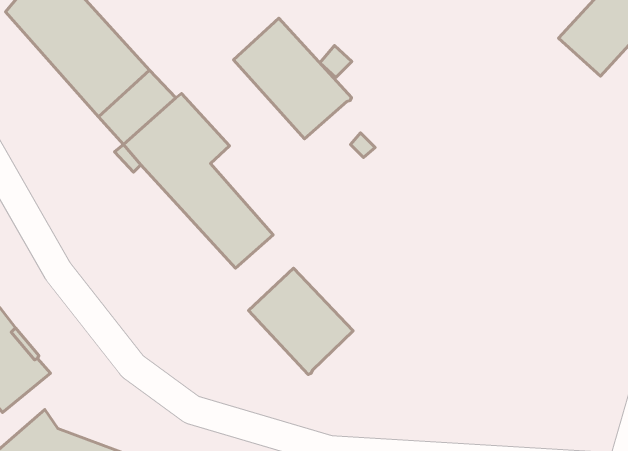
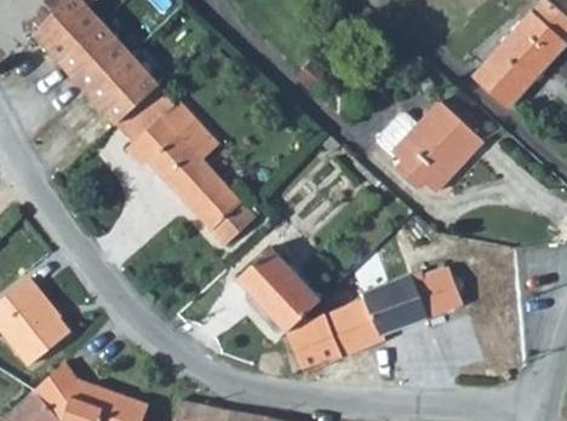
building: [233,18,352,139] -> none
building: none -> [474,54,528,108]
building: none -> [379,100,482,192]
building: none -> [287,265,463,370]

